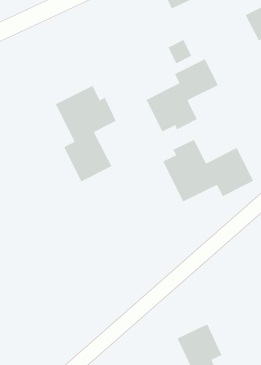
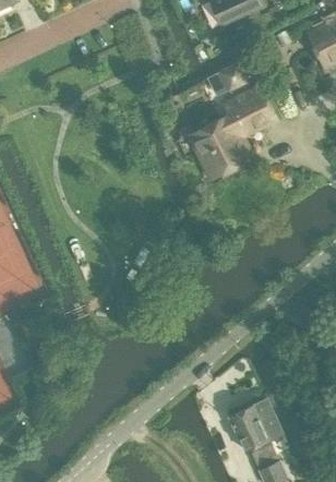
building: [55,85,117,182] -> none
building: [162,139,254,203] -> none

